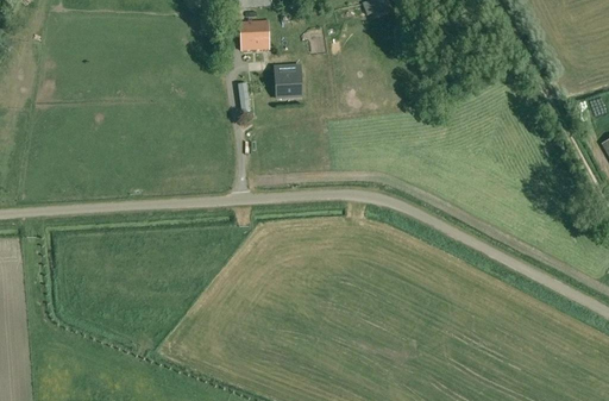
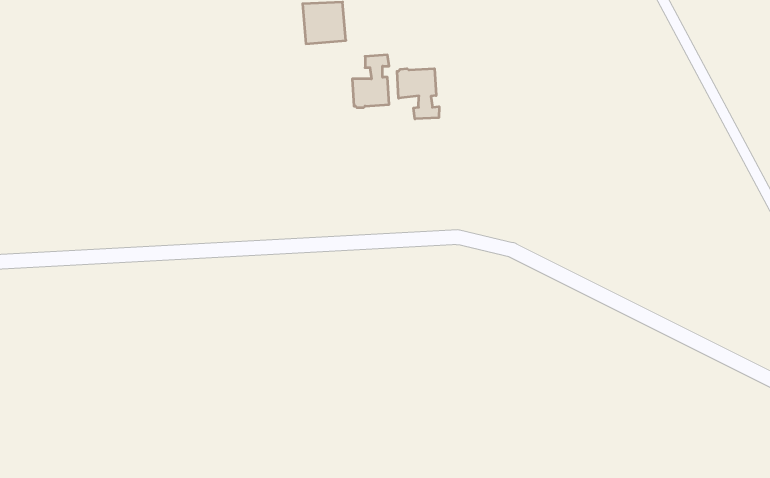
building: none -> [397,69,439,119]

